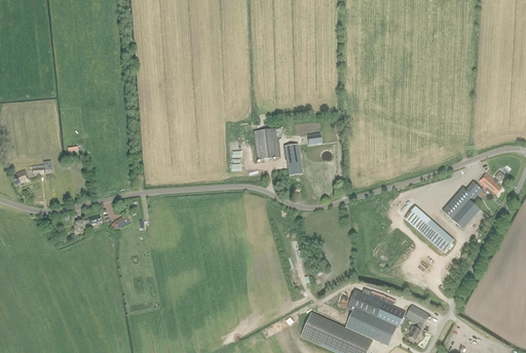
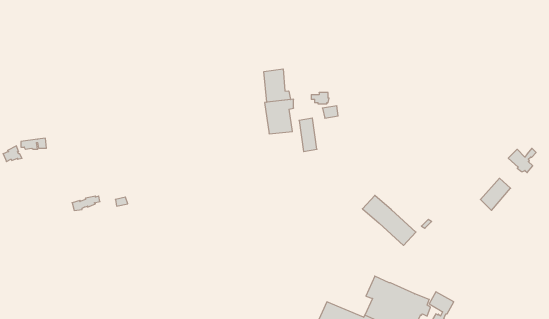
building: none -> [264,69,291,102]
building: [442,181,483,219] -> none
building: [404,205,453,251] -> [362,195,416,245]

